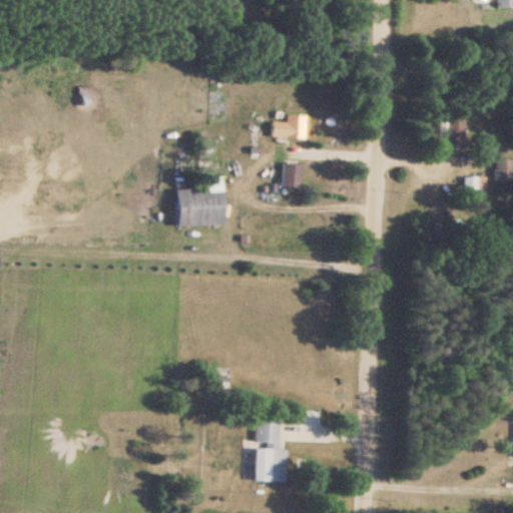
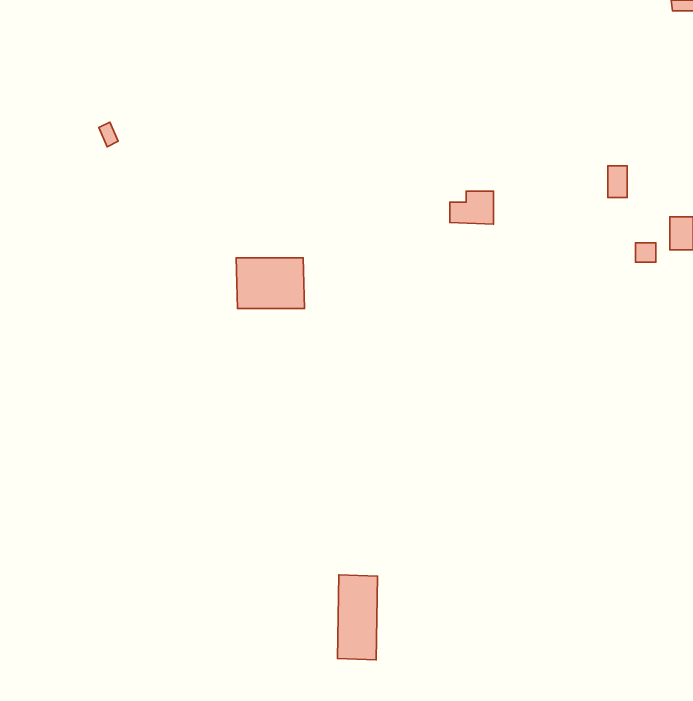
building: [276,114,308,138] -> [450,191,494,224]
building: [285,163,305,186] -> none

